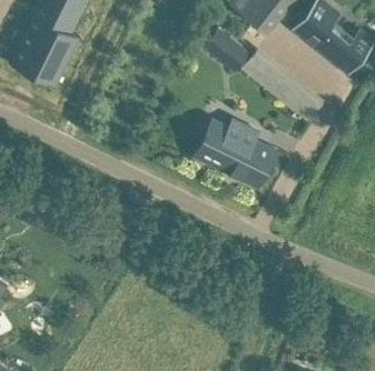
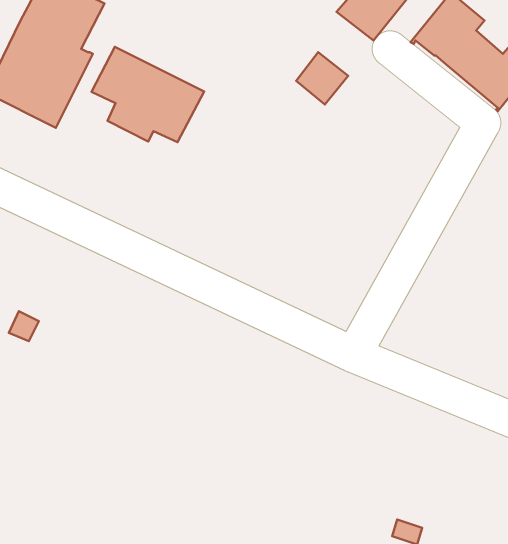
building: none -> [91,47,204,142]
building: [193,119,278,189] -> none

